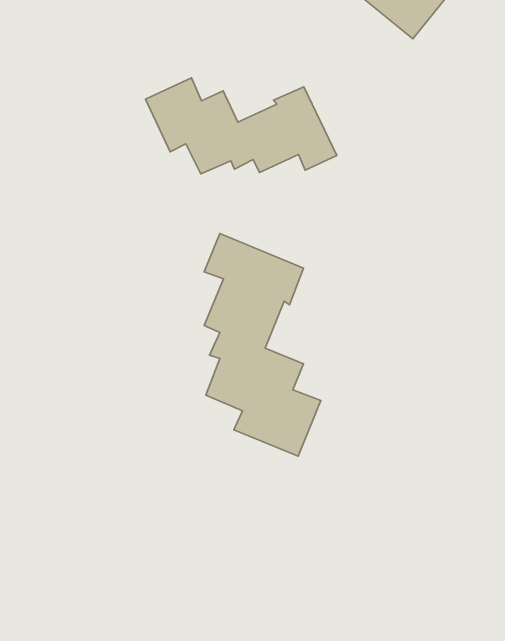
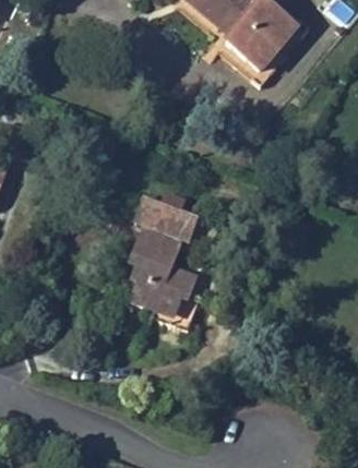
building: [145,78,337,174] -> none

